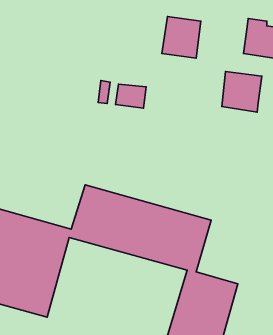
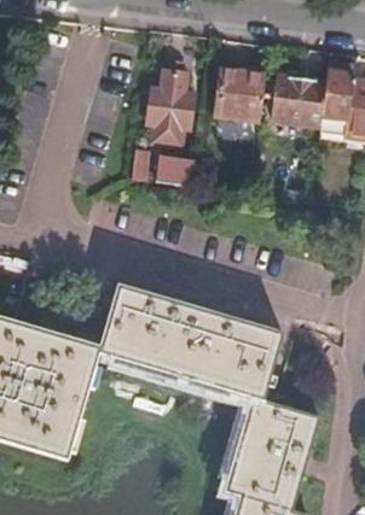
building: none -> [149,60,190,142]
building: [222,71,262,112] -> [274,74,326,127]

